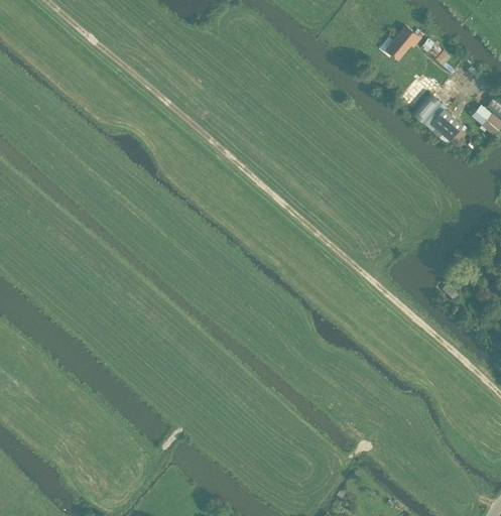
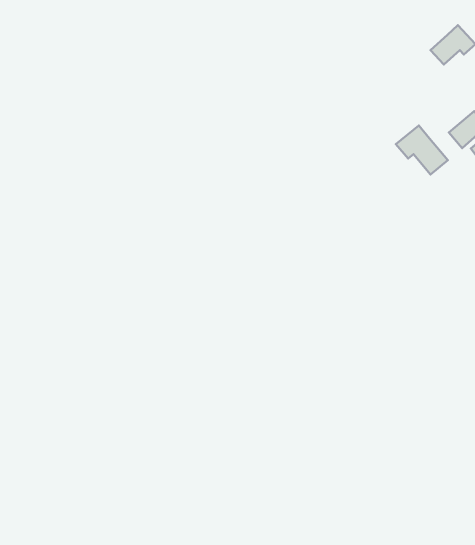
building: none -> [396,125,448,175]

